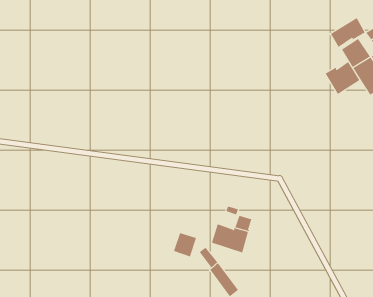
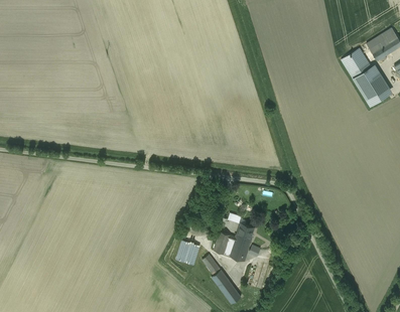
building: [330,17,366,48] -> none
building: [325,61,360,95] -> none

